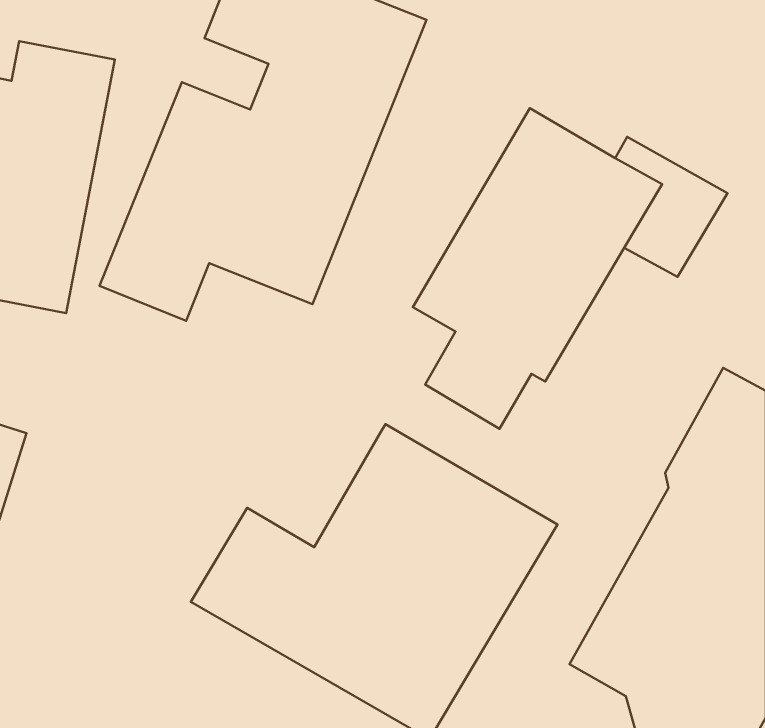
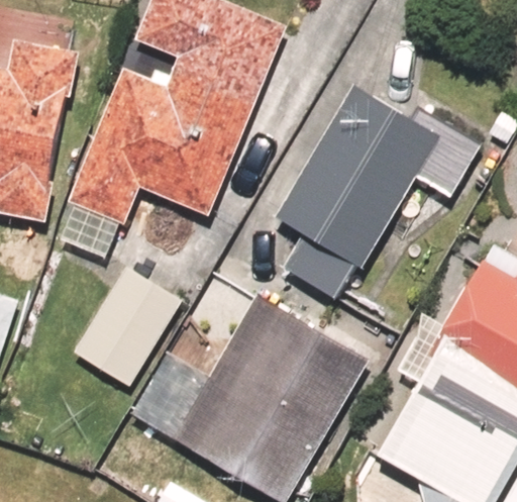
building: none -> [72,266,182,387]

